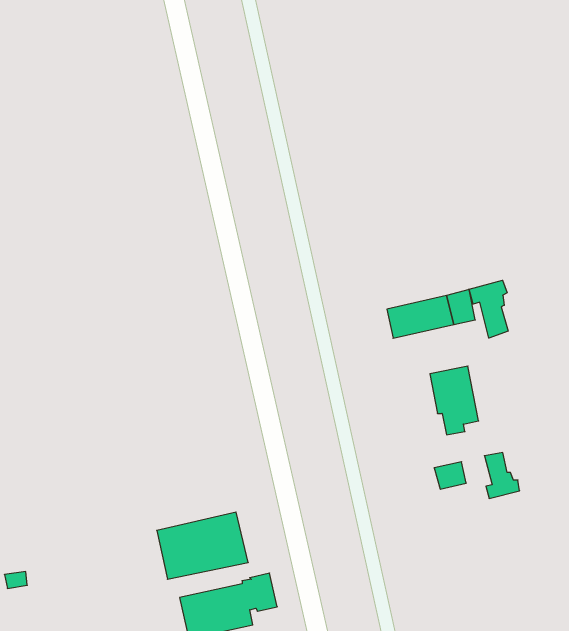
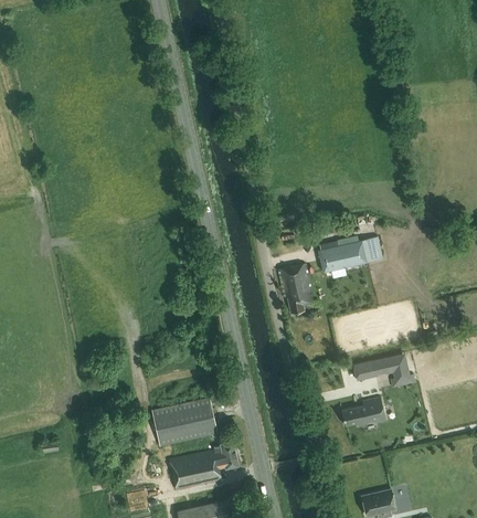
building: [469,280,508,338] -> none
building: [430,366,479,435] -> [278,264,314,314]
building: none -> [341,398,385,427]

